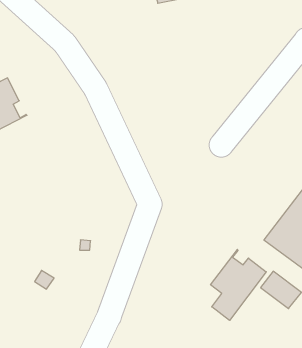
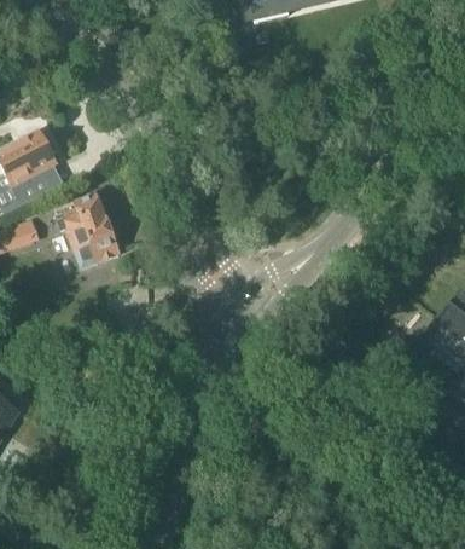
building: none -> [59,193,122,265]
building: [211,249,266,320] -> none

